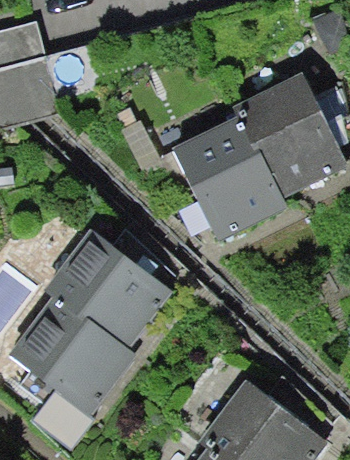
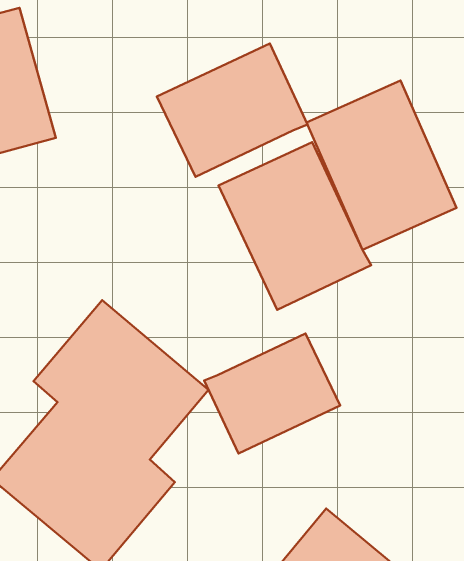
building: none -> [157,43,308,177]
building: none -> [204,333,340,454]

